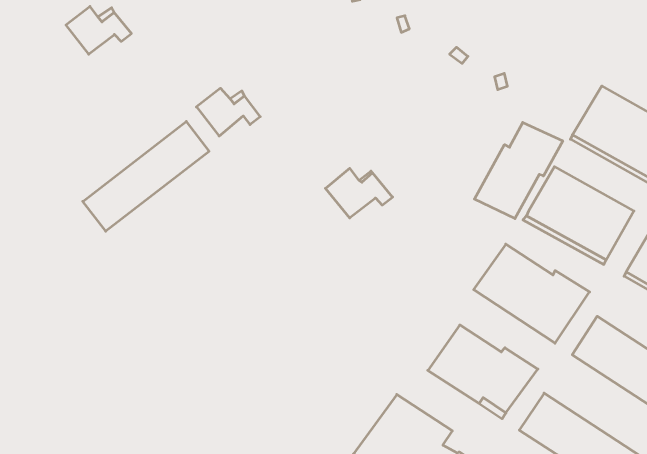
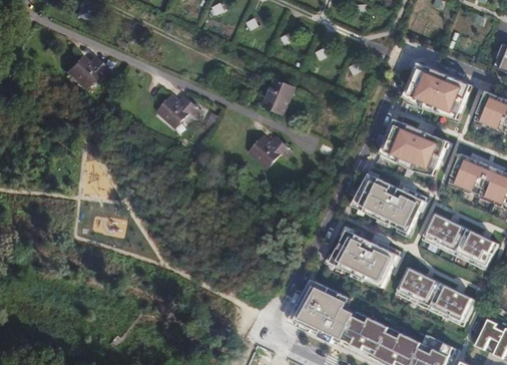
building: none -> [264,79,292,114]
building: [83,121,209,231] -> none
building: [474,122,563,219] -> none

